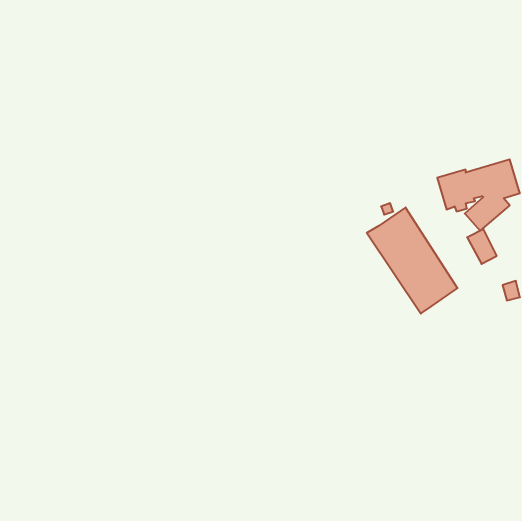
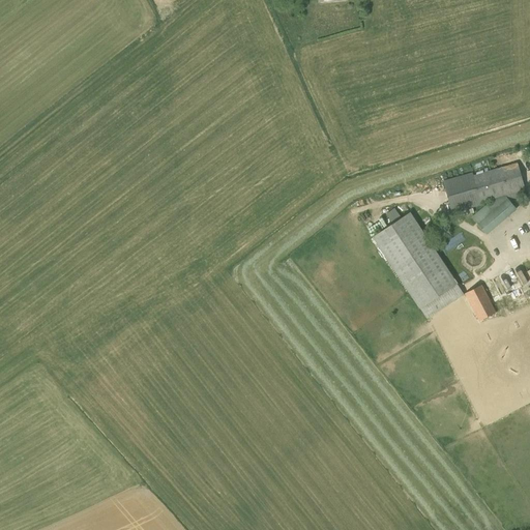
building: [467,229,497,264] -> [465,284,495,319]

